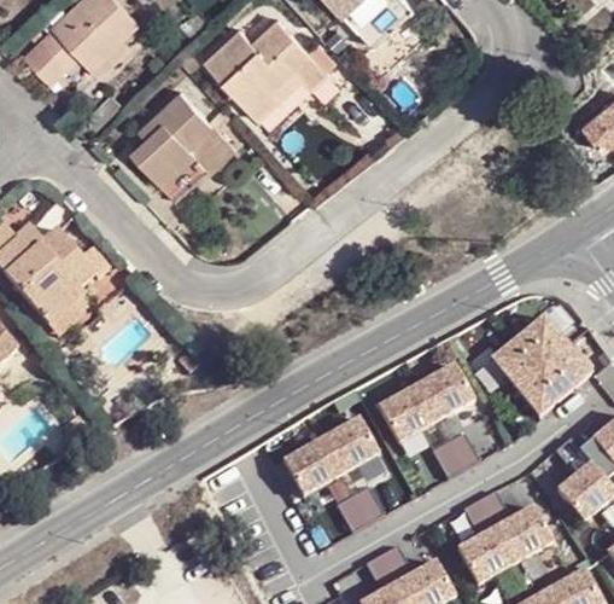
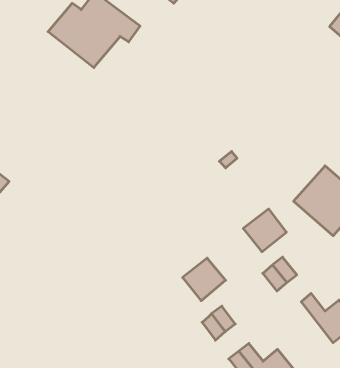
building: [118,85,220,192] -> none
building: [381,384,439,441] -> none
building: [286,439,344,495] -> none
building: [460,499,517,583] -> none

